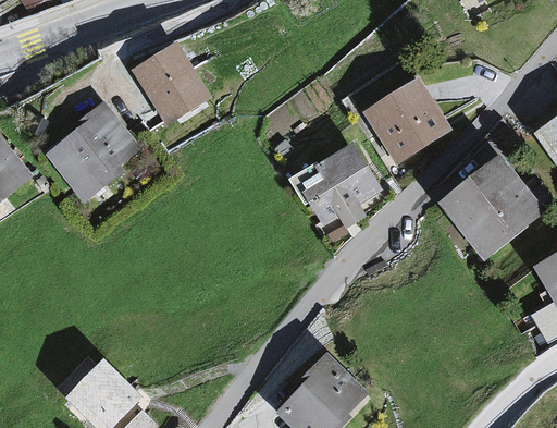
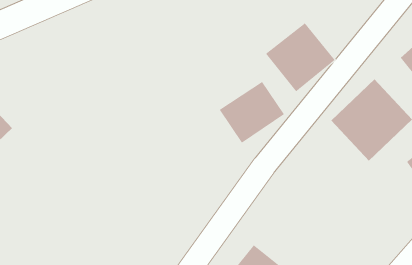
building: [131,41,210,124] -> none
building: [45,107,145,205] -> none

